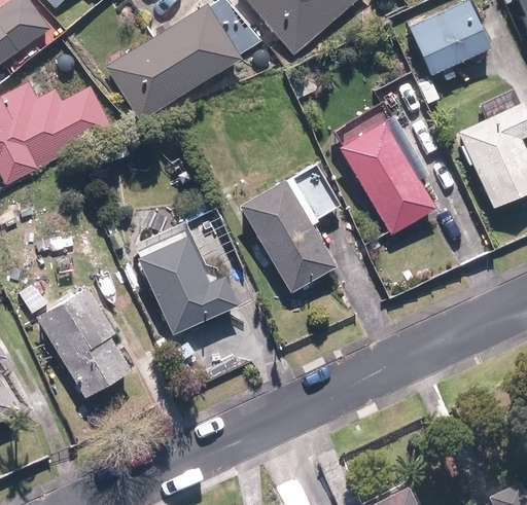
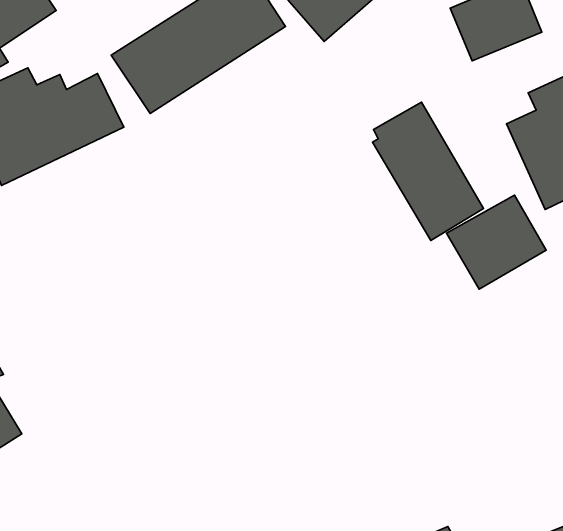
building: [236,167,341,295] -> none
building: none -> [446,195,546,289]
building: [135,231,239,335] -> none
building: [35,283,132,401] -> none

